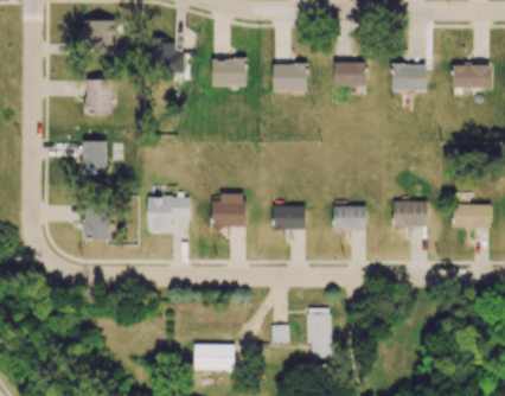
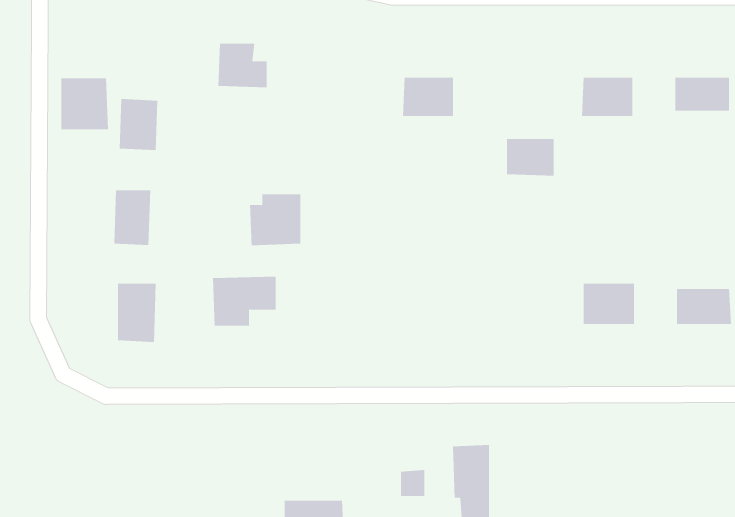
building: [84,20,116,55] -> [60,78,109,130]
building: [212,58,247,85] -> none
building: [334,62,366,87] -> [506,139,555,176]
building: [211,193,245,228] -> [249,194,301,246]
building: [273,205,306,229] -> none
building: [333,205,366,229] -> none

